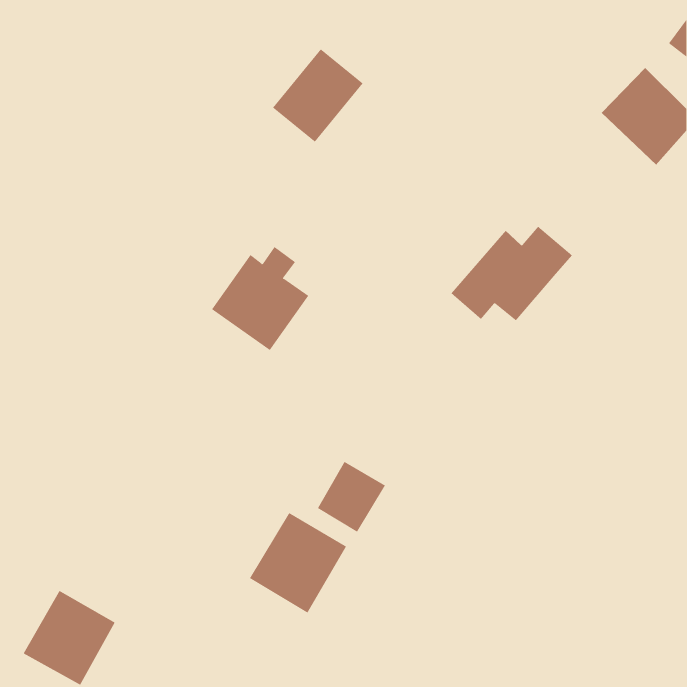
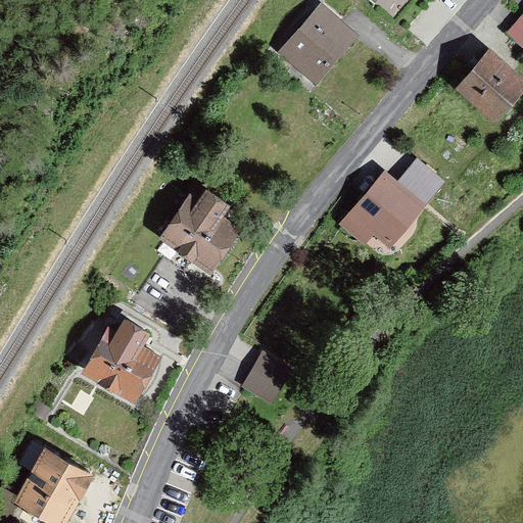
building: [272,48,364,143] -> [285,9,354,81]
building: none -> [74,314,155,402]
building: [249,512,347,613] -> none

